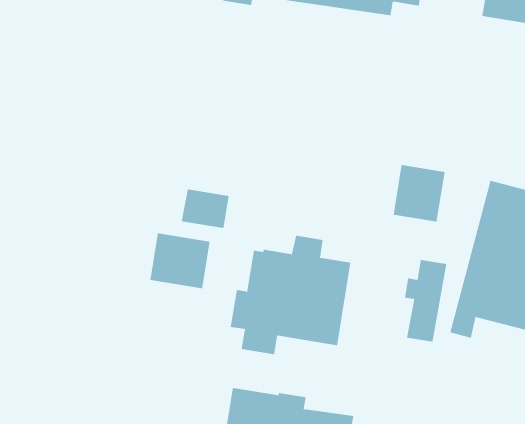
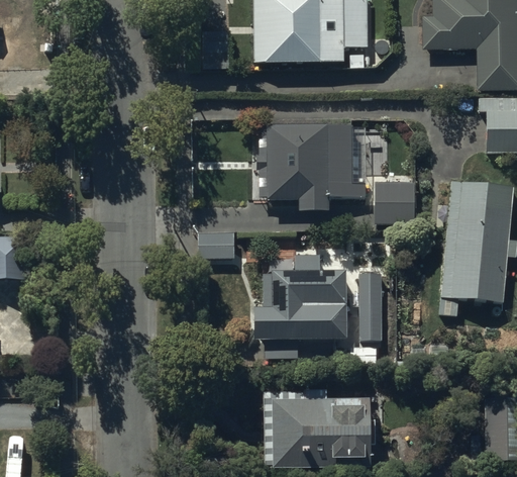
building: none -> [255,123,366,212]
building: [150,233,210,289] -> none
building: [404,259,447,342] -> [350,273,382,341]

